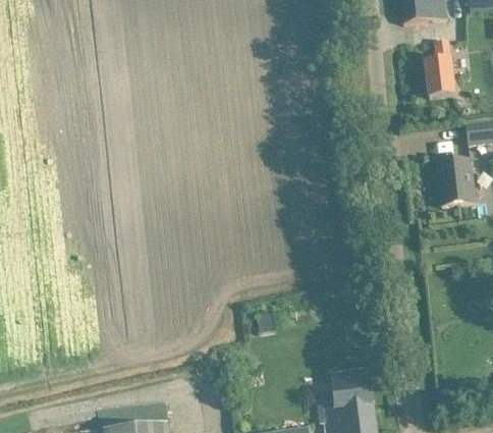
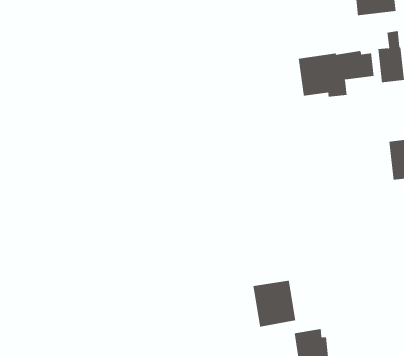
building: none -> [298,50,374,97]
building: none -> [253,280,296,328]

